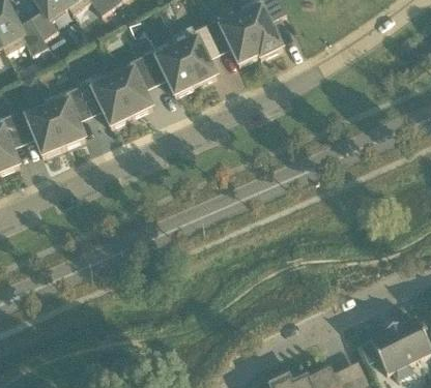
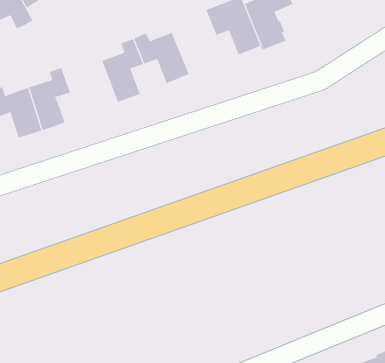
building: [177,24,218,84] -> none
building: [78,78,132,125] -> none

